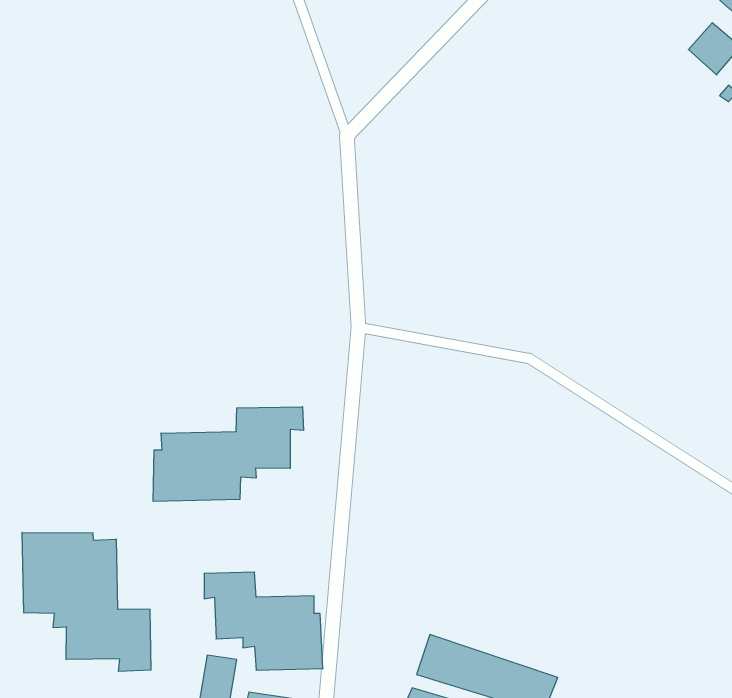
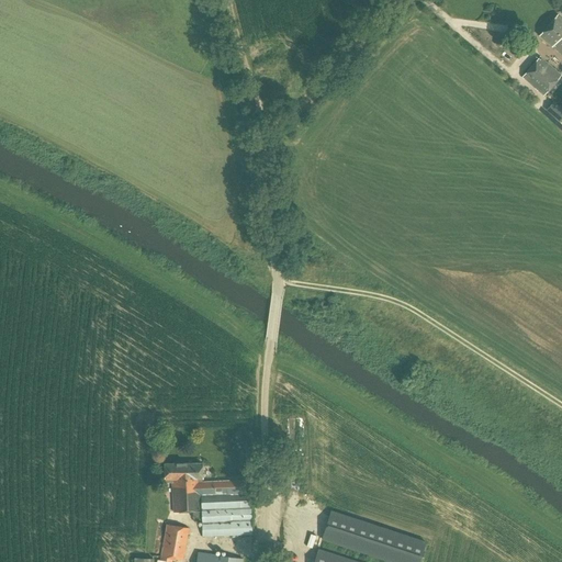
building: [153,407,304,501] -> none
building: [22,532,151,671] -> none

